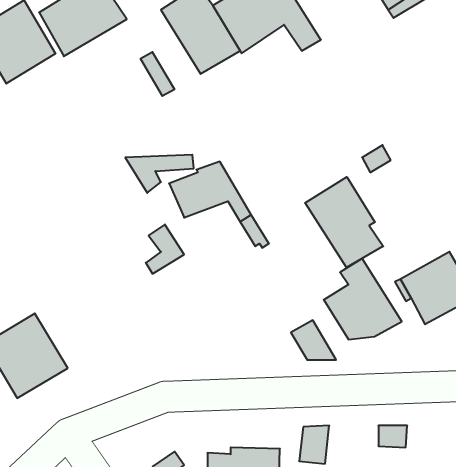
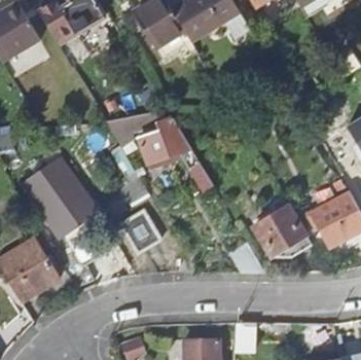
building: [305,177,383,268] -> none
building: none -> [28,159,100,236]
building: none -> [119,208,160,251]

